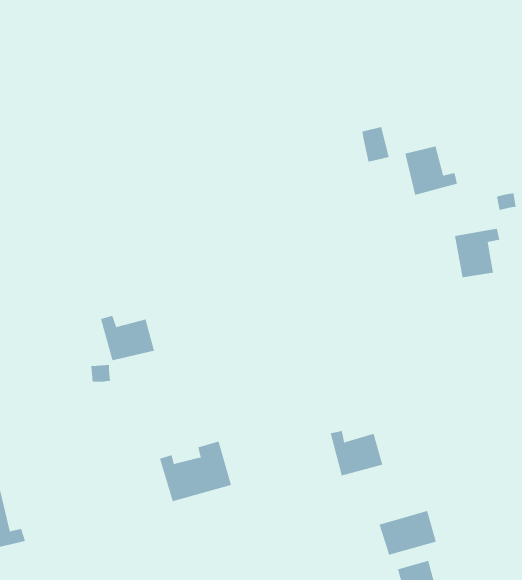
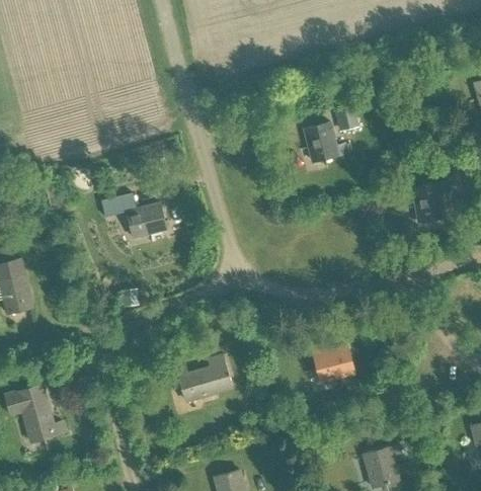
building: [404,146,458,195] -> [301,125,343,164]
building: [100,315,155,361] -> [121,202,164,239]
building: [379,510,437,555] -> none

